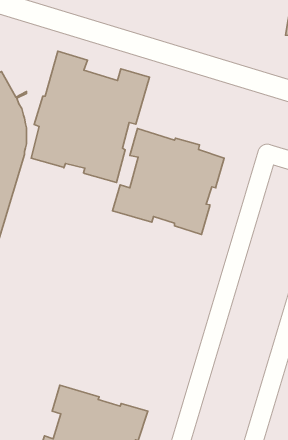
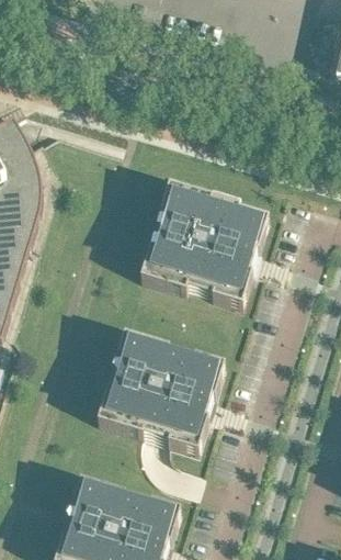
building: [31,51,150,182] -> none
building: none -> [94,328,221,447]

